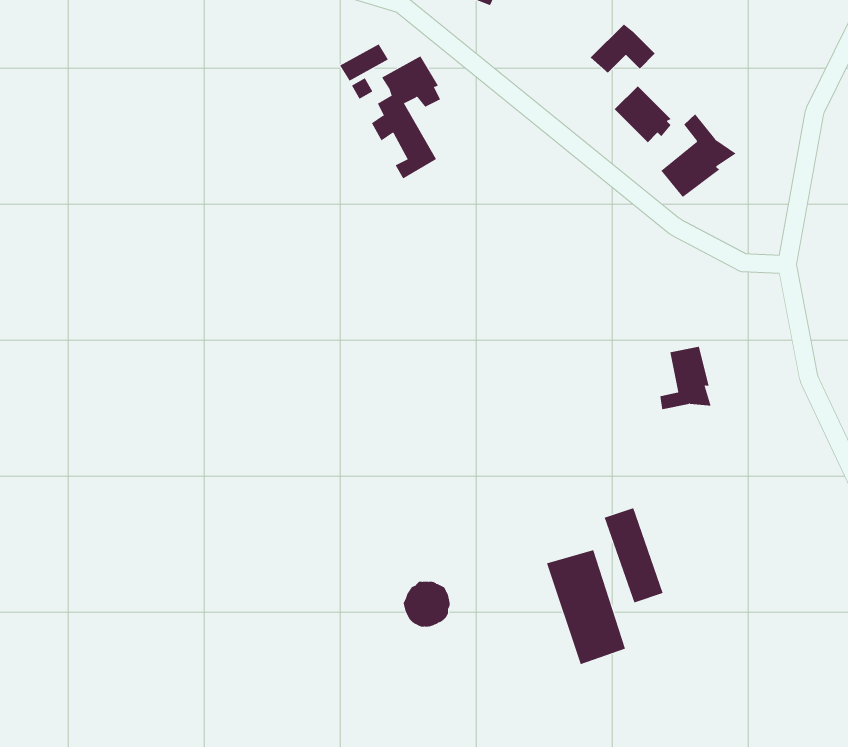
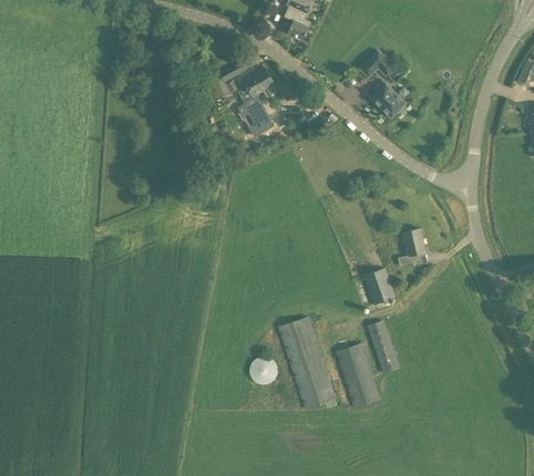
building: [660,113,737,198] -> none
building: none -> [362,268,394,304]
building: none -> [276,315,333,407]

